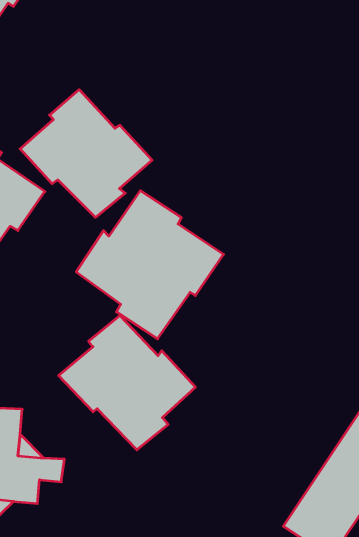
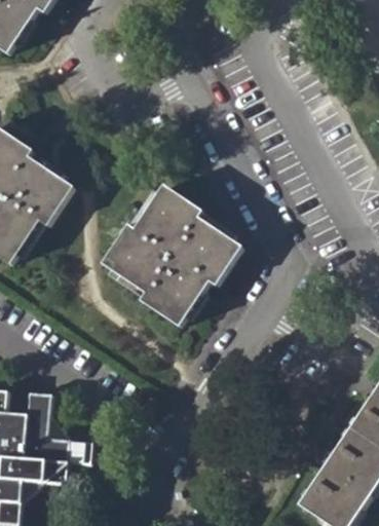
building: [20,90,152,217] -> none
building: [59,315,195,450] -> none

